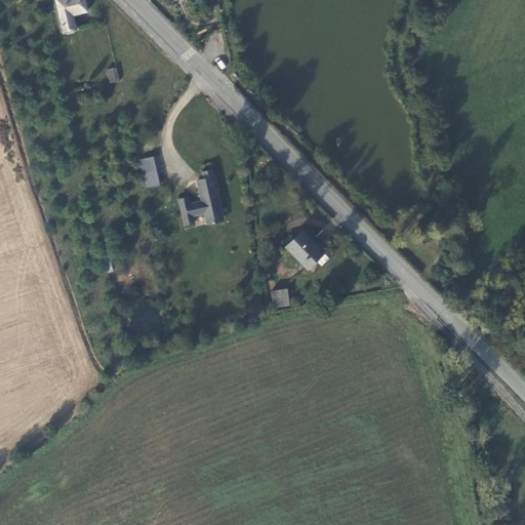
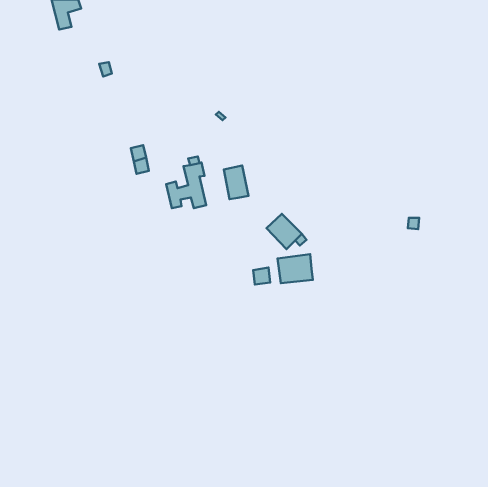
building: none -> [224,165,248,199]
building: none -> [278,254,313,283]

